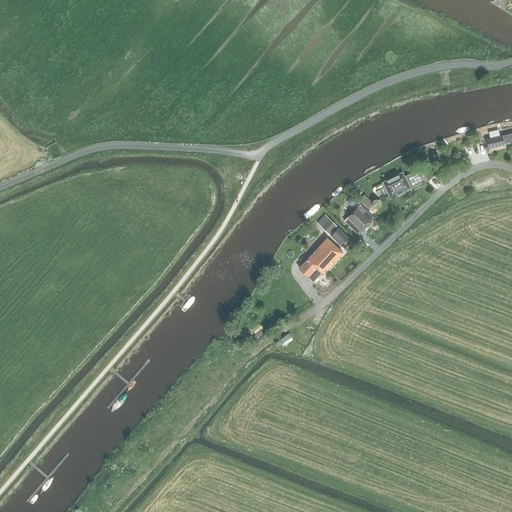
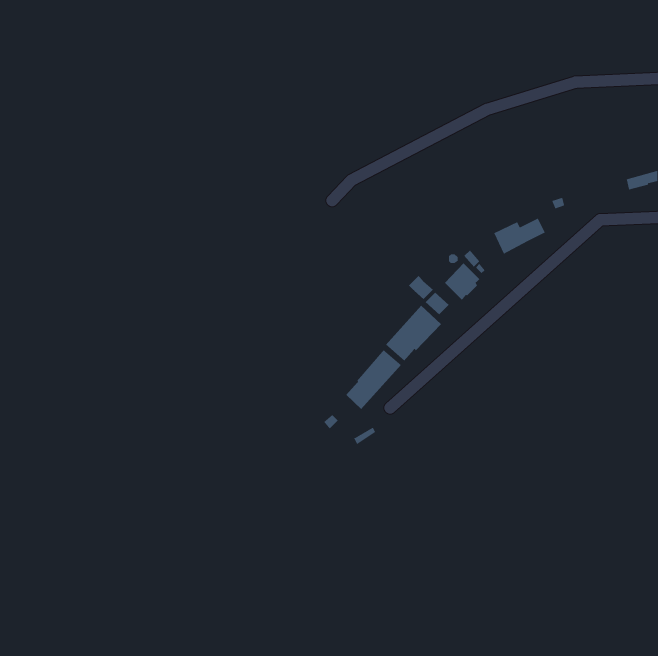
building: none -> [345,349,402,410]

